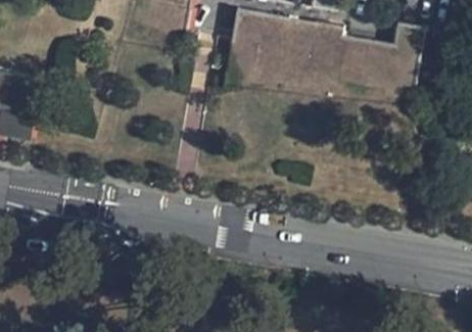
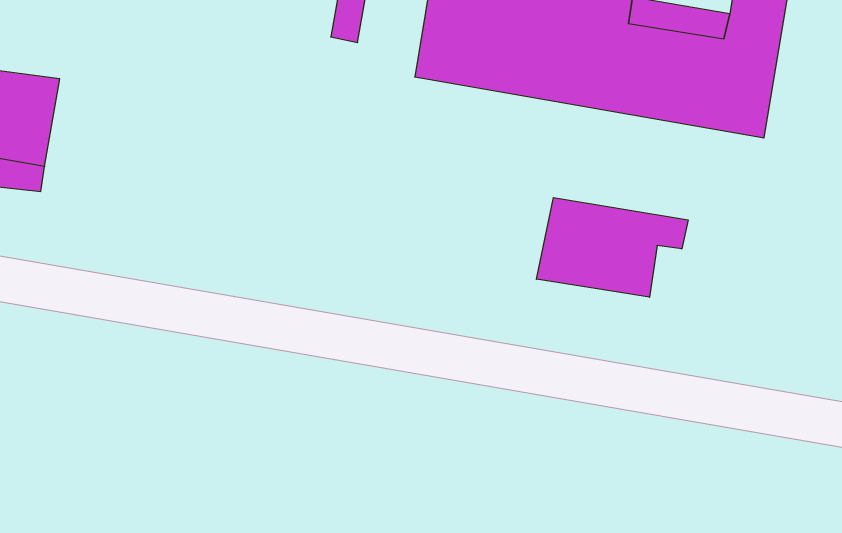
building: none -> [536,198,688,297]

